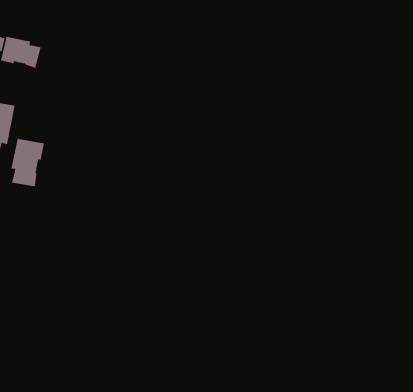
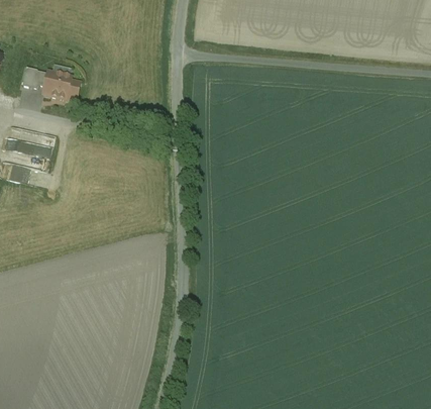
building: [11,138,44,187] -> none

